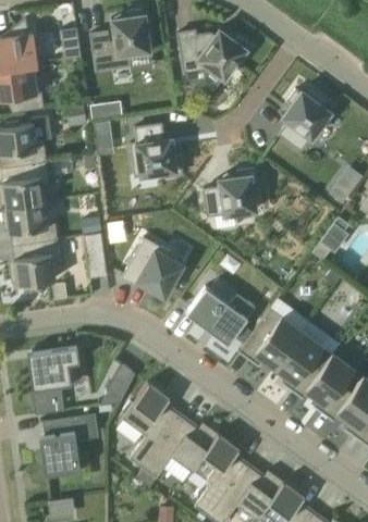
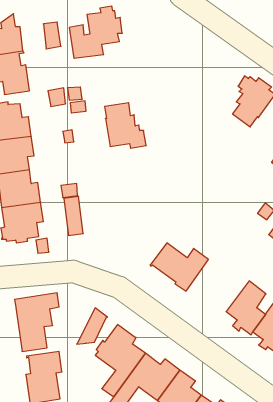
building: [179,29,254,78] -> none
building: [204,169,257,212] -> none
building: [128,238,186,298] -> none
building: [242,309,303,368] -> none

